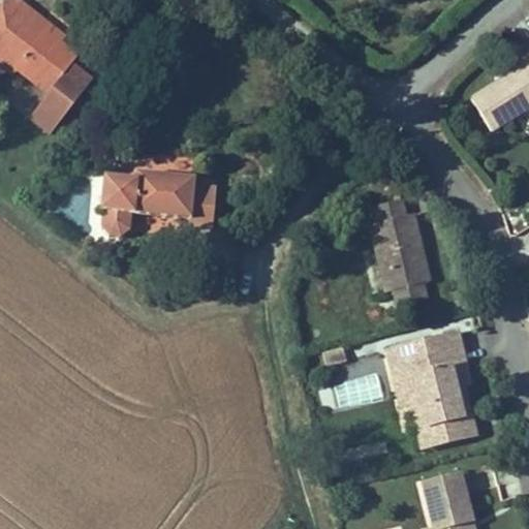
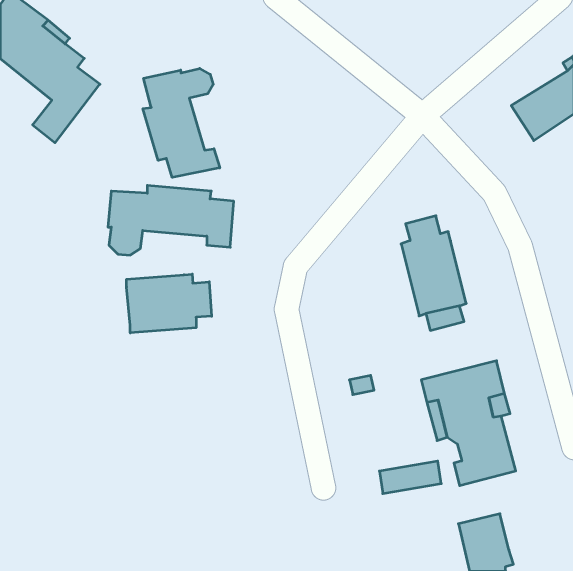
building: none -> [143,68,220,177]
building: none -> [127,274,212,333]
building: [323,374,380,404] -> [379,461,441,494]

